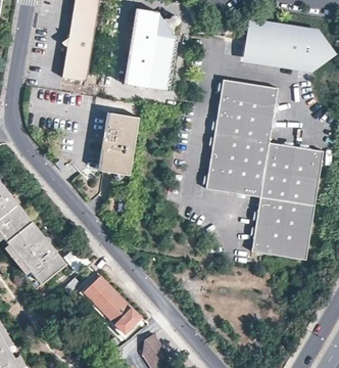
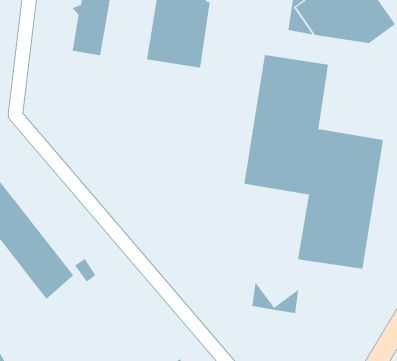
building: [101,112,140,175] -> none
building: none -> [252,281,299,314]
building: [84,276,139,331] -> none

